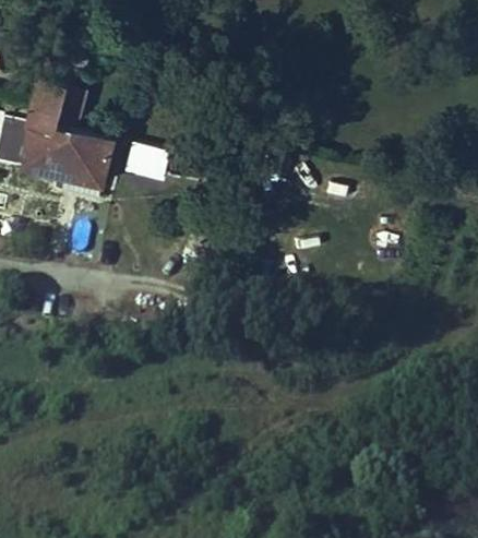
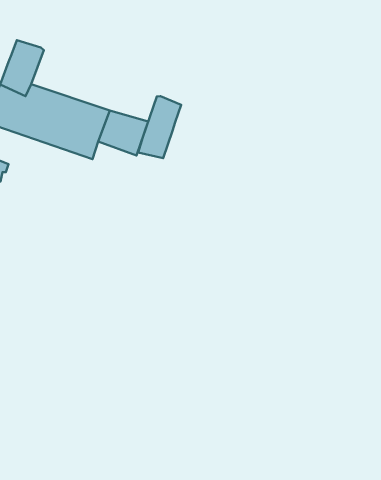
building: none -> [138,96,181,158]

